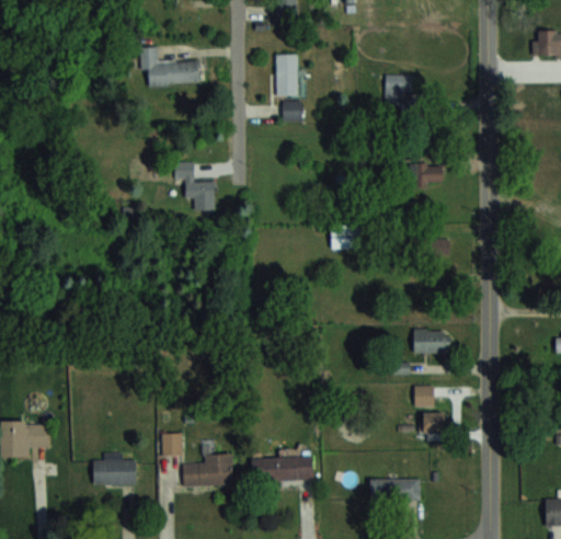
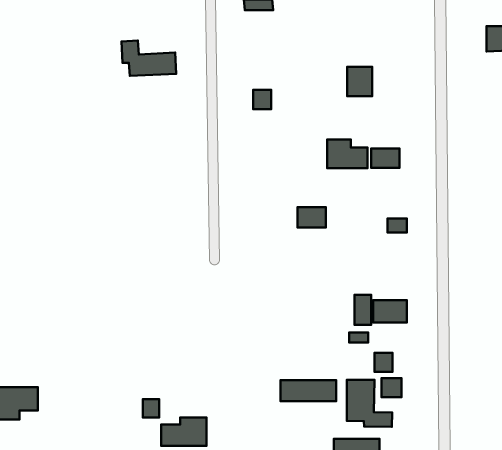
building: [276,55,298,95] -> none
building: none -> [327,139,367,168]
building: [175,163,215,211] -> none
building: none -> [354,295,371,325]
building: none -> [347,380,392,427]
building: [94,454,136,484] -> none
building: [252,458,312,481] -> [280,380,336,401]

